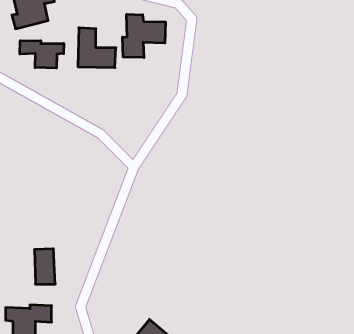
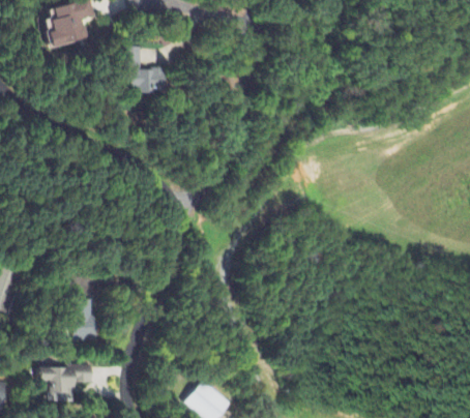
building: [123,14,165,58] -> none
building: [20,41,64,68] -> none

